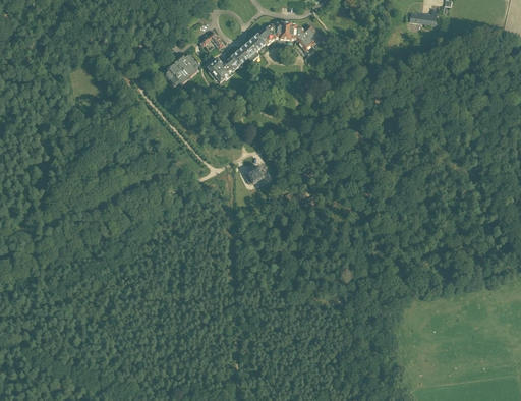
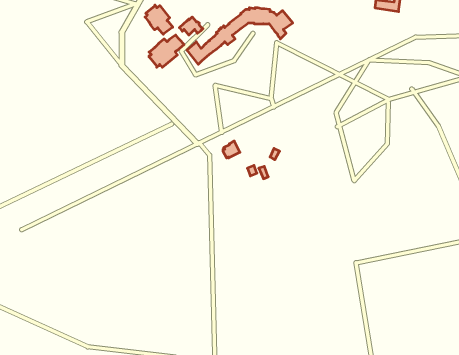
building: none -> [145,5,173,34]

